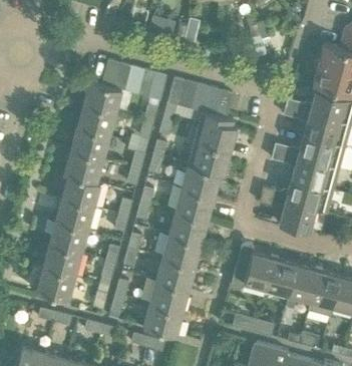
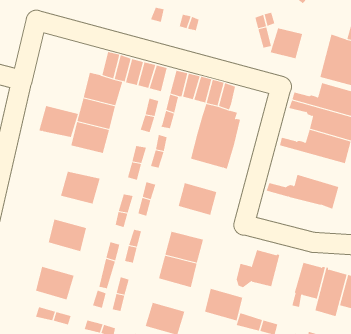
building: none -> [270,28,303,59]
building: [64,151,103,182] -> [38,106,79,138]
building: [271,151,338,192] -> none
building: [182,164,220,197] -> none
building: [259,196,315,233] -> none
building: [55,201,93,232] -> none
building: [168,211,208,243] -> none
building: [43,246,81,278] -> none
building: [267,258,297,295] -> none
building: [150,281,189,313] -> [204,288,243,321]

